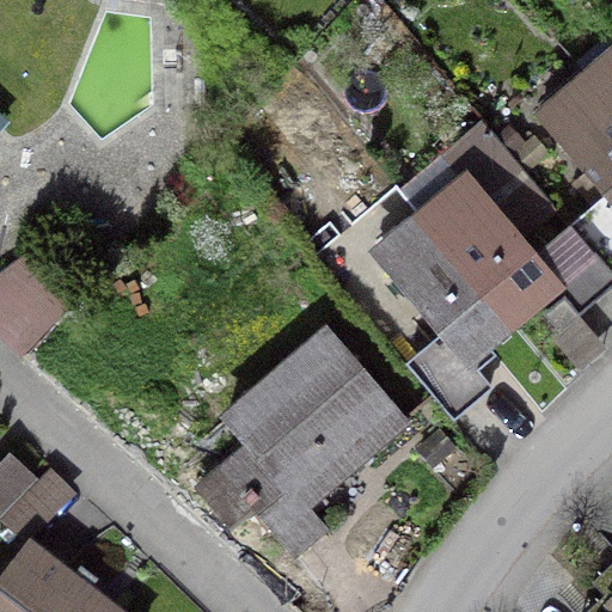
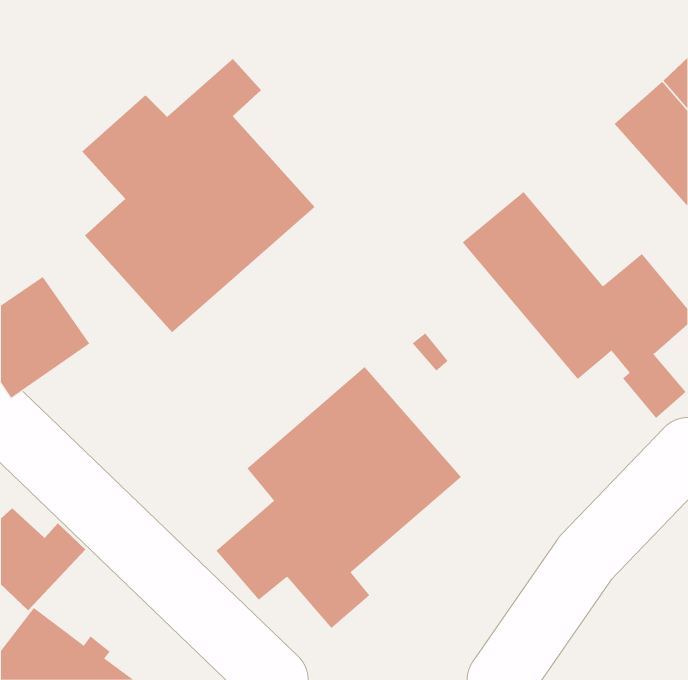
building: none -> [82,58,315,333]
building: [366,215,513,420] -> none

